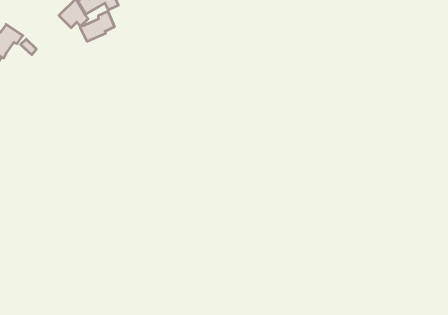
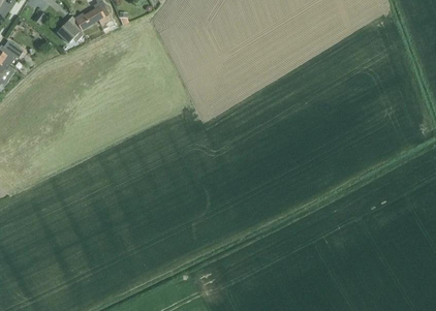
building: [80,11,114,41] -> none

